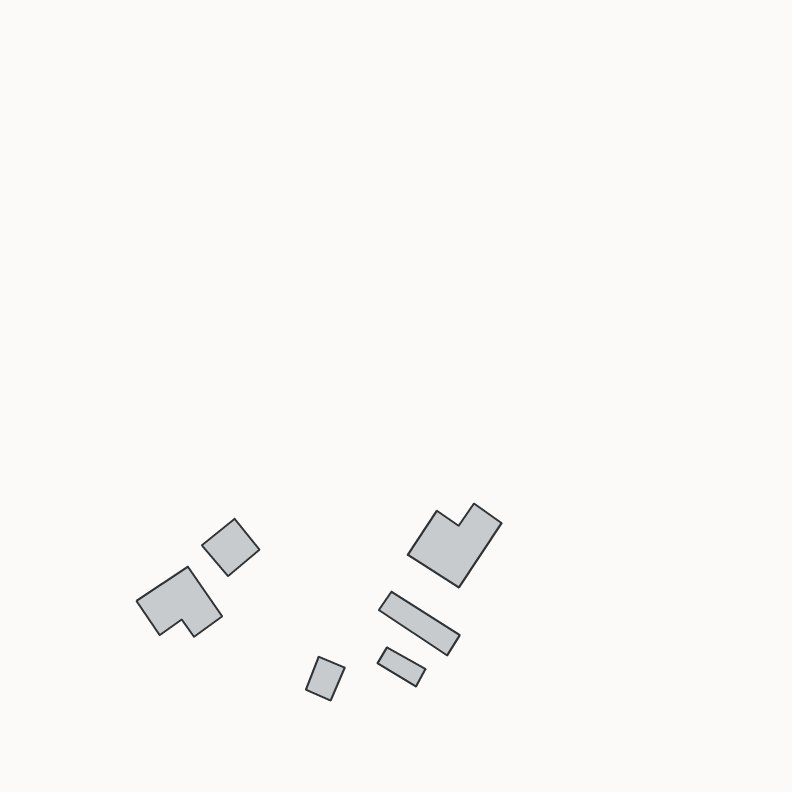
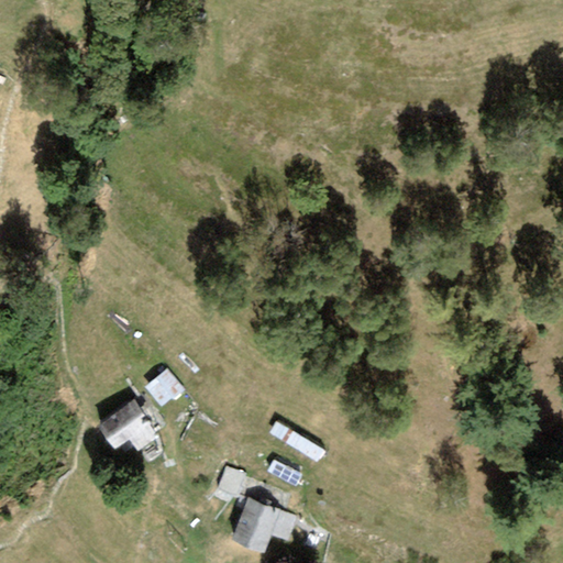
building: [408,504,502,588] -> none
building: none -> [232,498,297,551]

